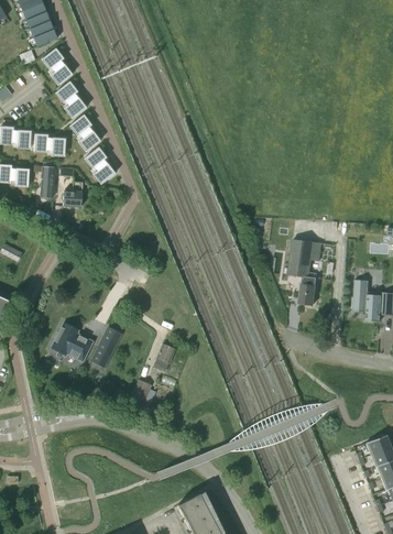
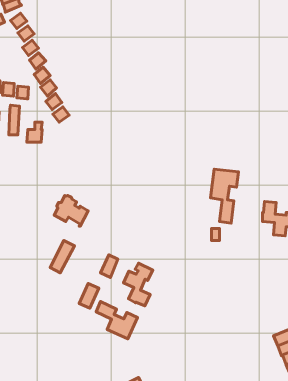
building: [52,324,94,361] -> [54,195,88,226]
building: none -> [124,263,153,306]
building: none -> [96,302,138,339]

